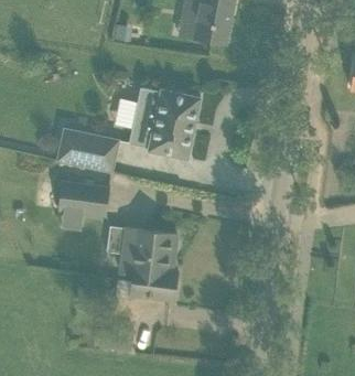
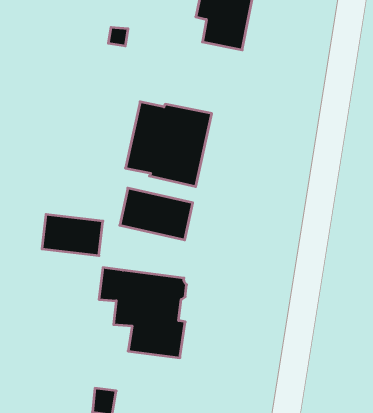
building: [57,128,118,171] -> [120,188,193,240]

